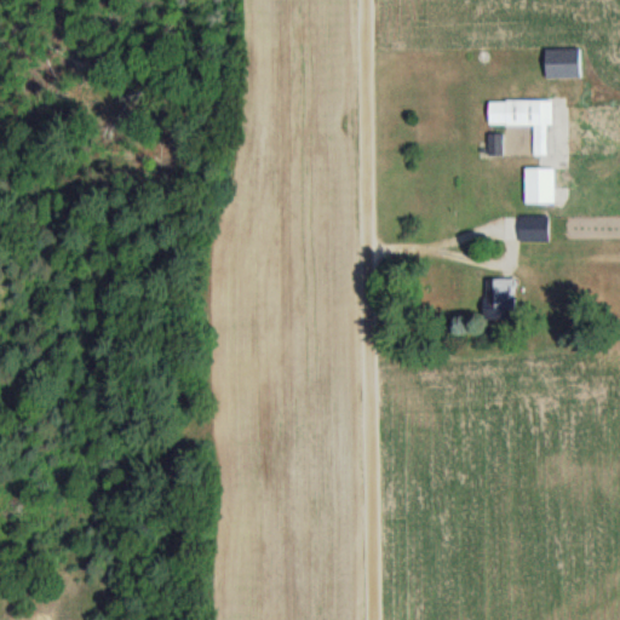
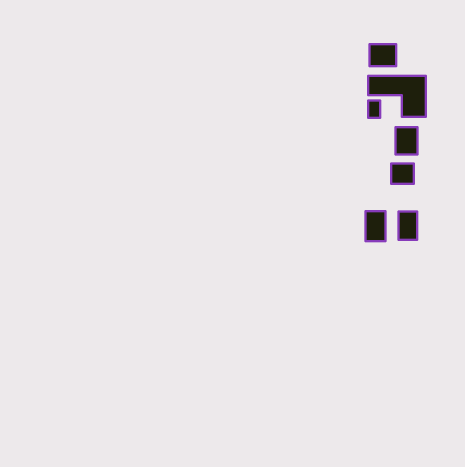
building: [545,48,580,78] -> [370,44,396,66]
building: none -> [399,211,417,240]

